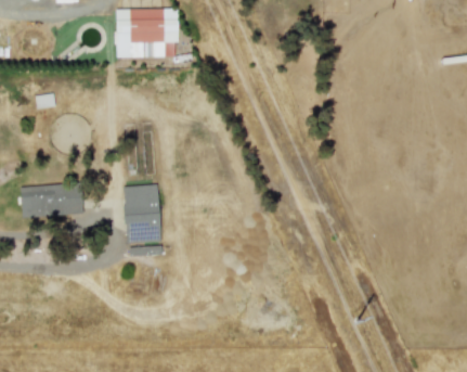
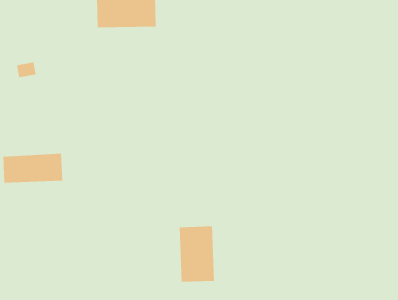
building: [124,184,160,242] -> [179,226,215,282]

